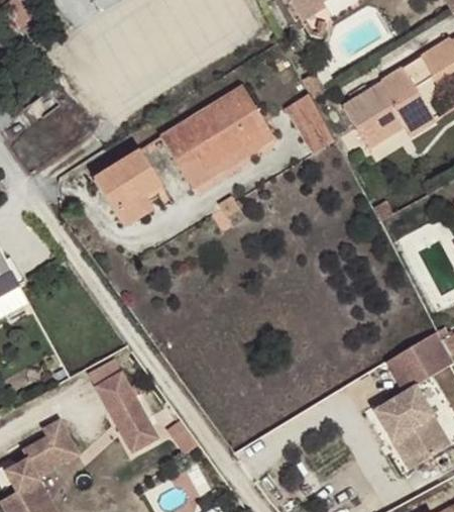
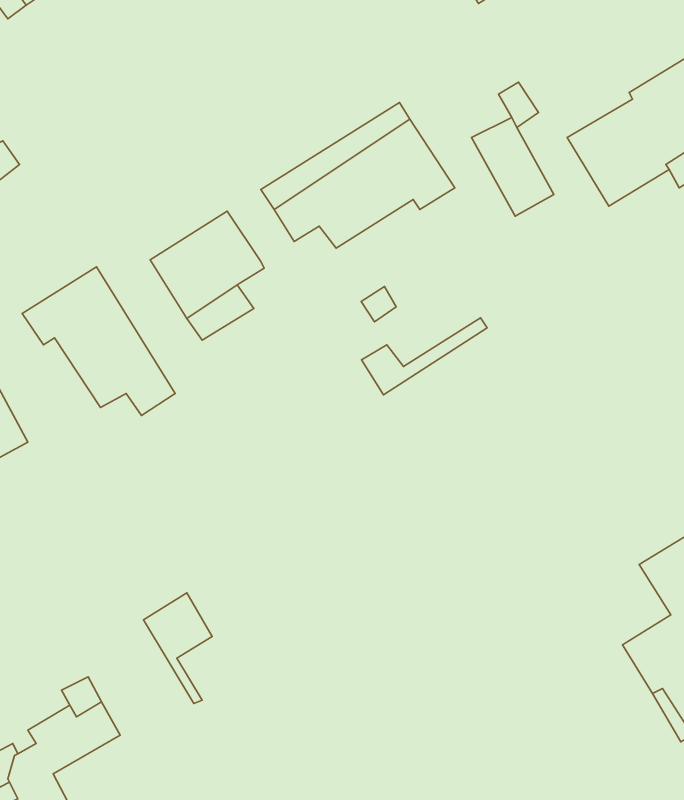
building: [180,141,255,188] -> [362,318,487,395]
building: none -> [22,267,175,415]
building: [109,405,153,459] -> none

